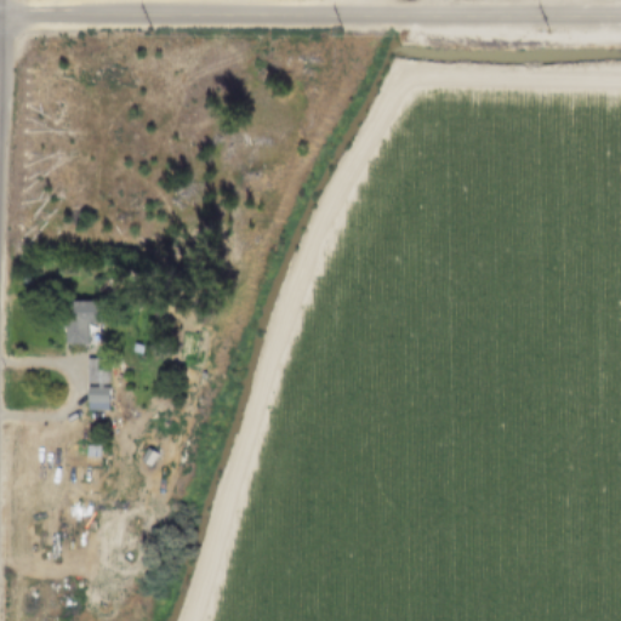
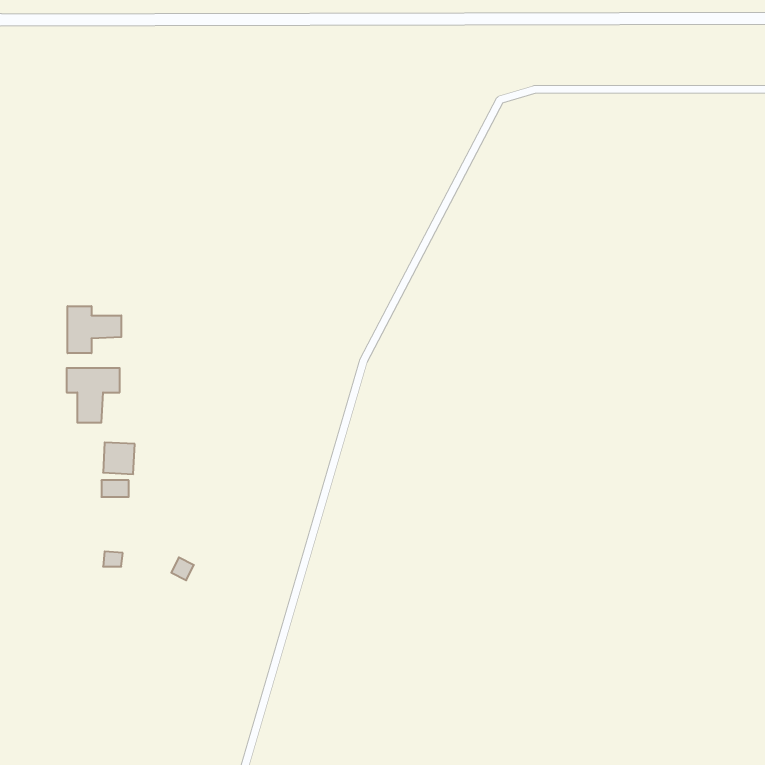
building: none -> [68,306,121,353]

